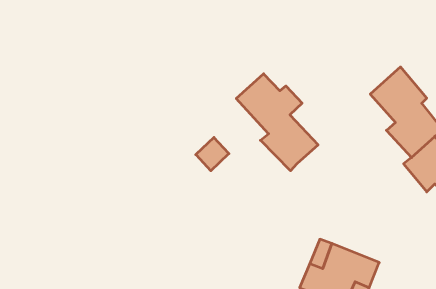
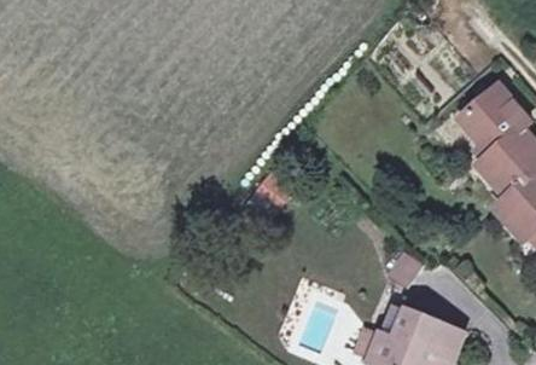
building: [236,74,318,171] -> none

